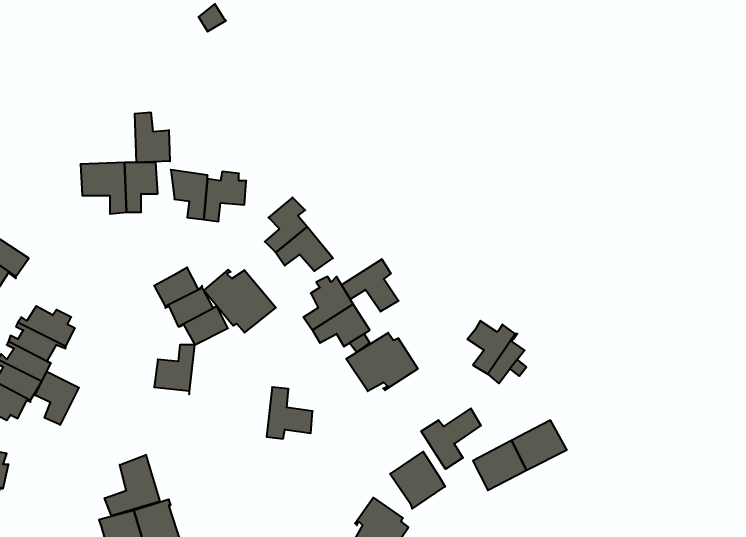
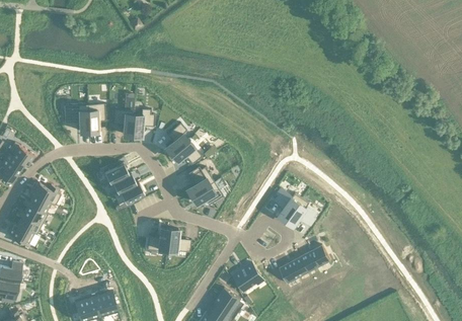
building: [135,112,170,162] -> none
building: [341,259,399,312] -> none
building: [204,270,276,333] -> none
building: [346,333,418,391] -> none
building: [154,345,195,394] -> [146,227,168,254]
building: [35,372,79,425] -> none
building: [421,408,481,469] -> none
building: [105,455,160,516] -> none

